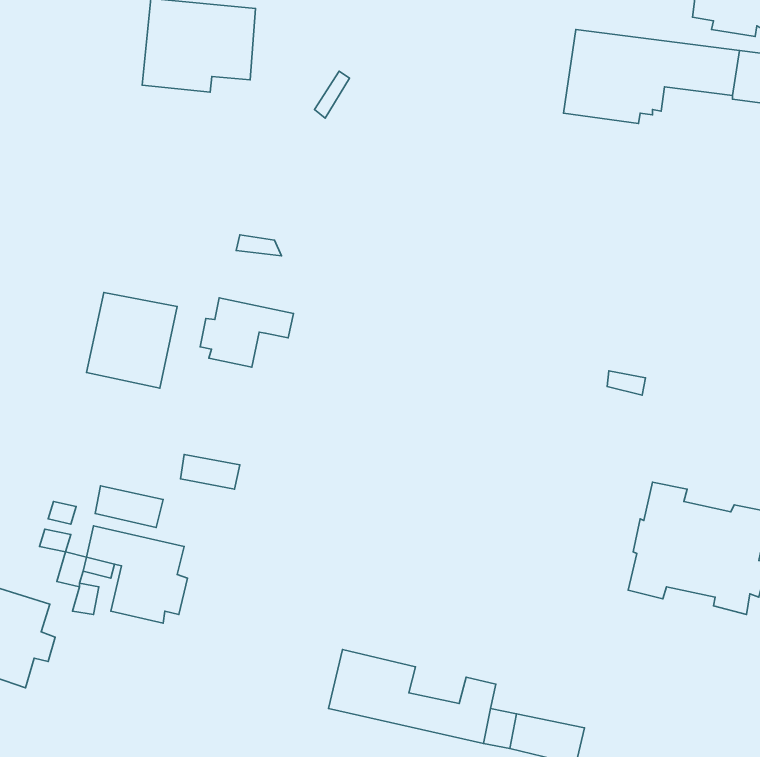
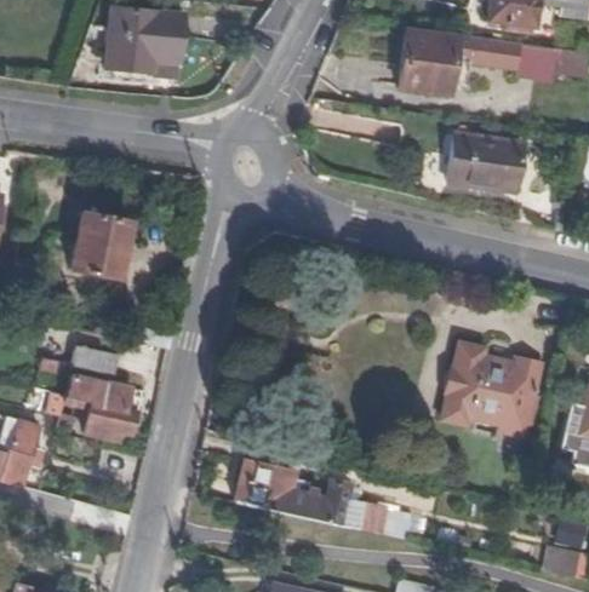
building: none -> [448,133,524,191]
building: [200,298,293,367] -> none

